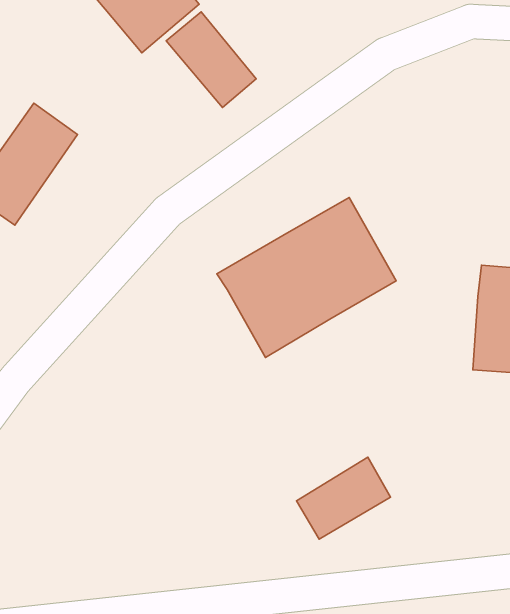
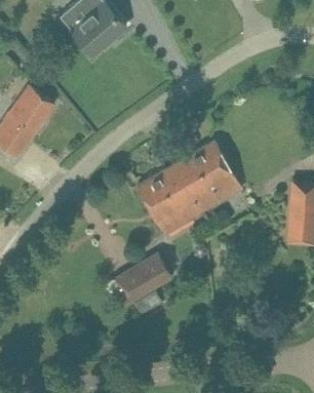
building: [166,12,256,108] -> none
building: [296,457,390,539] -> [116,253,171,302]

